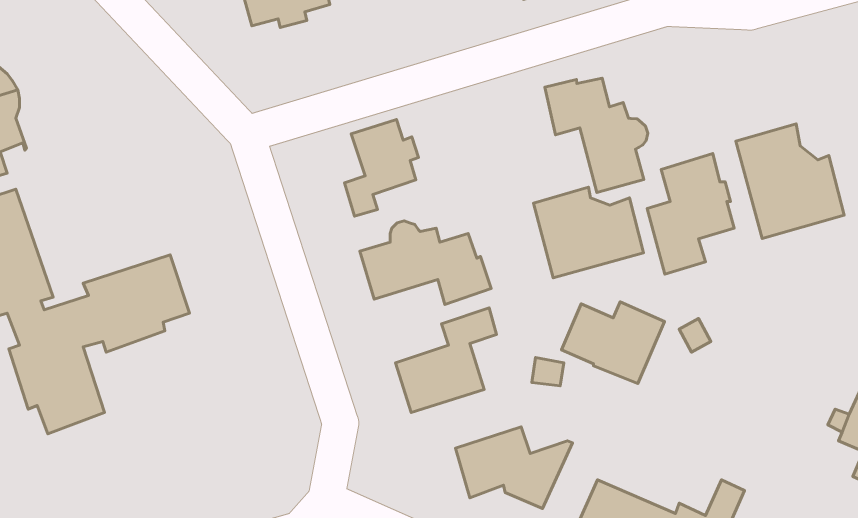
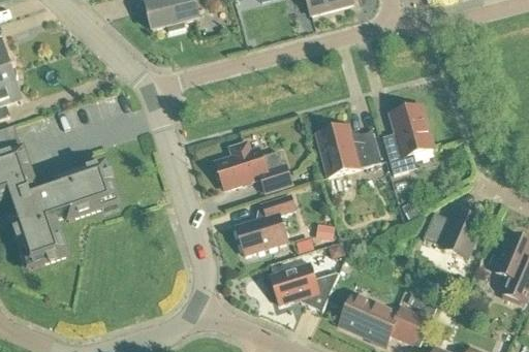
building: [545,78,648,193] -> none
building: [344,120,418,216] -> none
building: [736,124,844,238] -> none
building: [562,302,664,383] -> [423,211,483,258]

